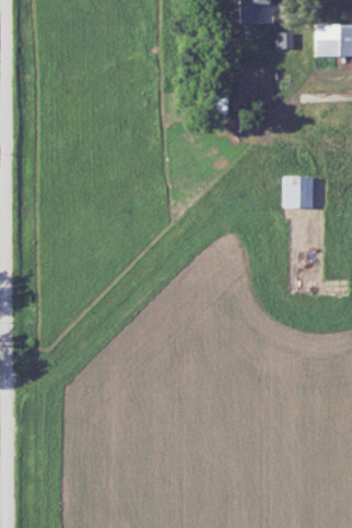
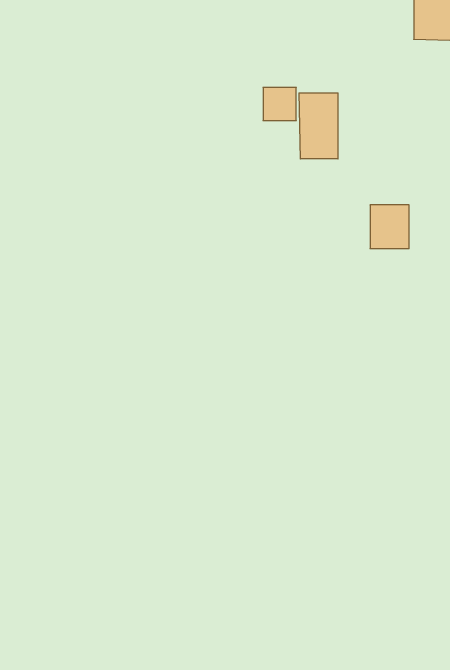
building: none -> [299,93,338,159]

